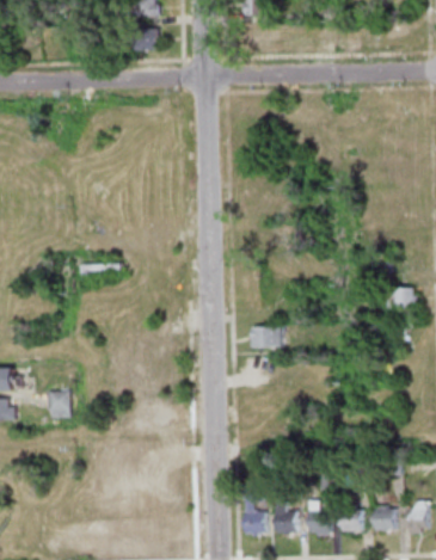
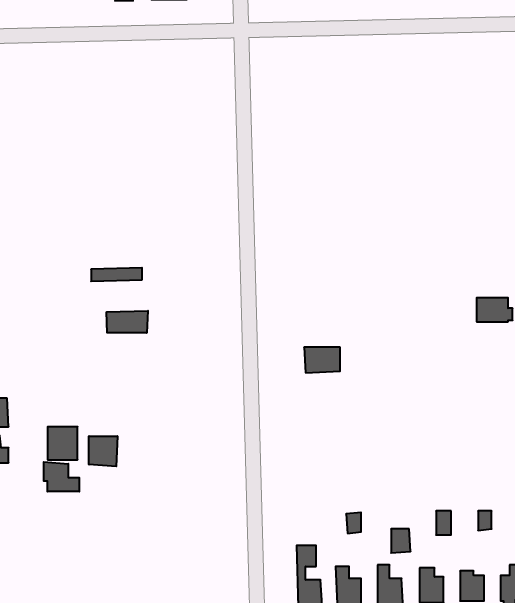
building: none -> [107,311,148,333]
building: none -> [89,436,117,466]
building: none -> [44,462,79,492]

